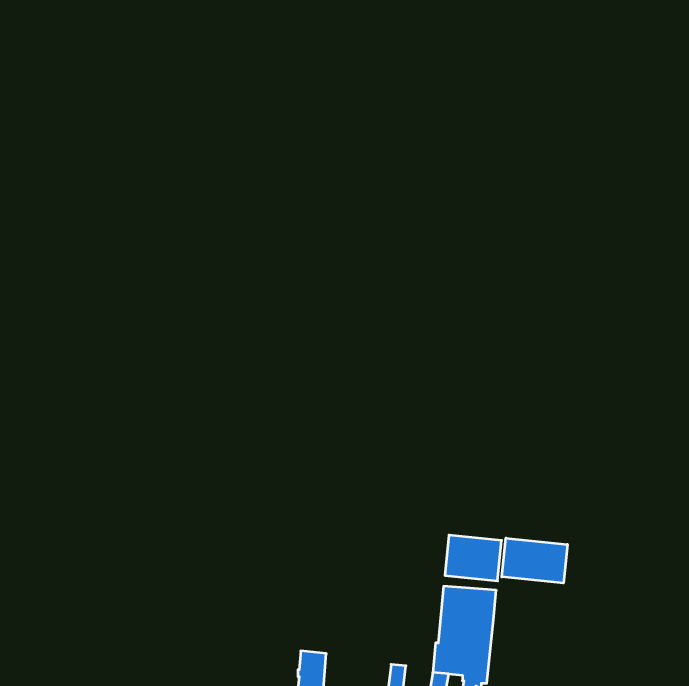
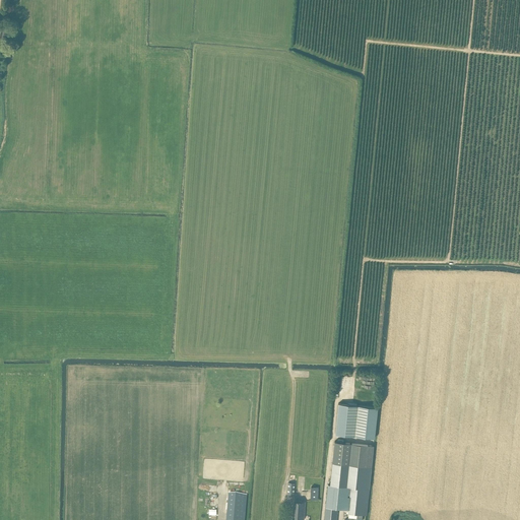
building: [502,538,567,583] -> none

